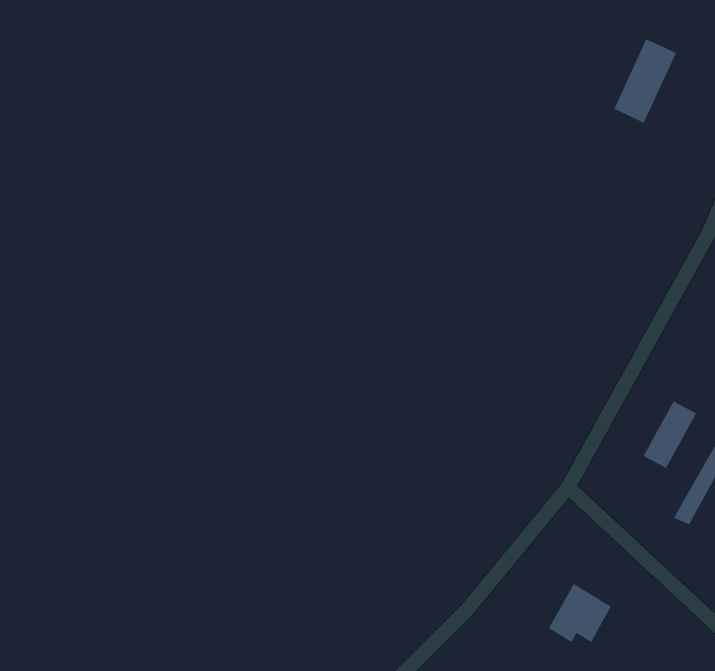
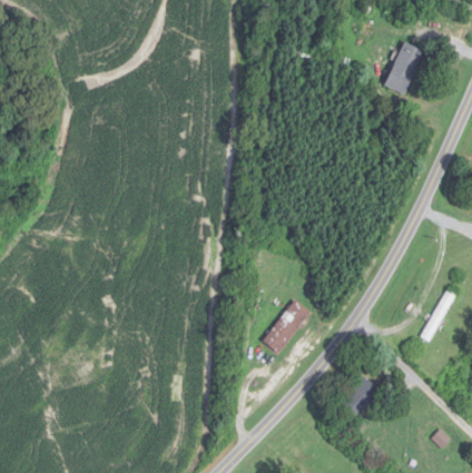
building: [643,400,697,469] -> none
building: none -> [260,300,309,353]

